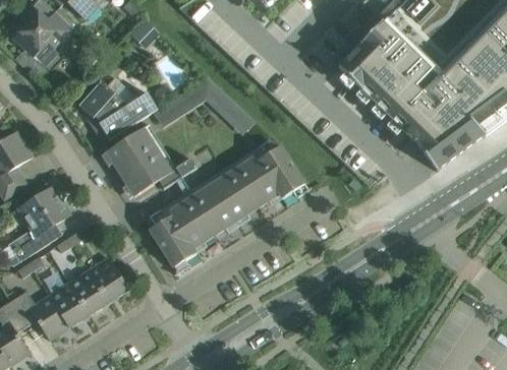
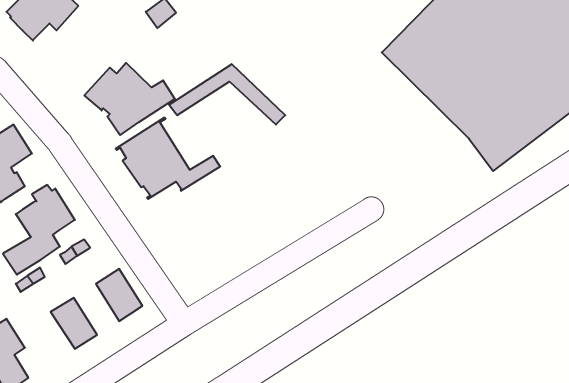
building: [150,140,308,274] -> none
building: [69,270,109,315] -> none
building: [10,291,70,341] -> none

